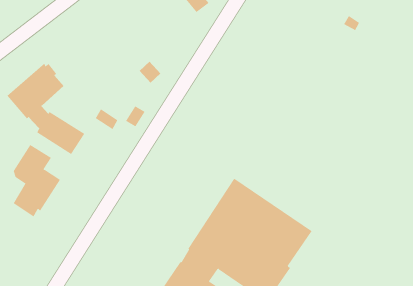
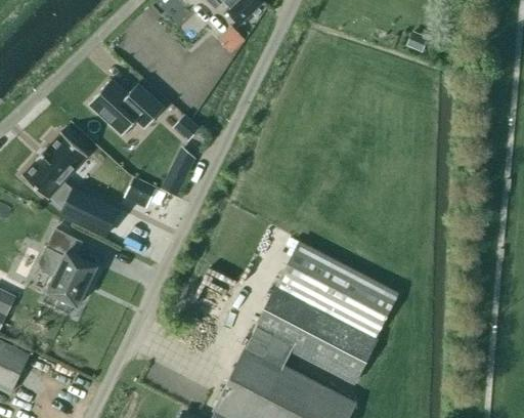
building: none -> [89,79,165,135]

